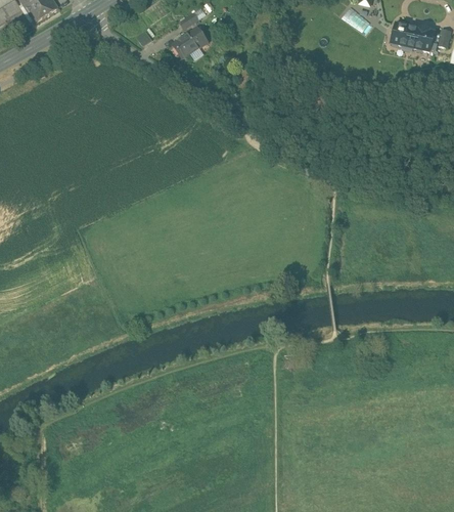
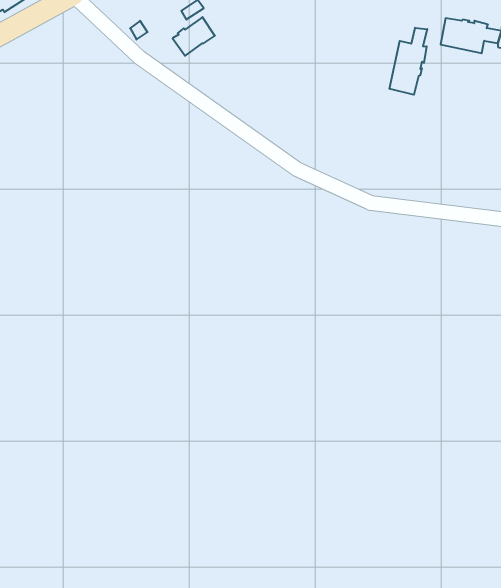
building: none -> [390,28,427,95]

